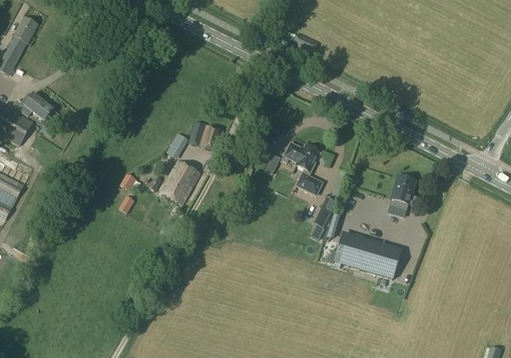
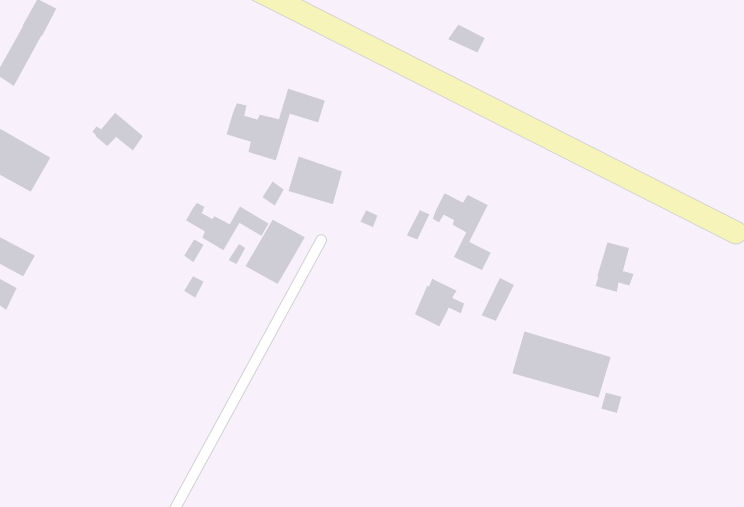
building: none -> [226,88,326,161]
building: [18,93,52,119] -> [92,112,144,152]
building: none -> [185,202,270,251]
building: none -> [414,278,465,327]

